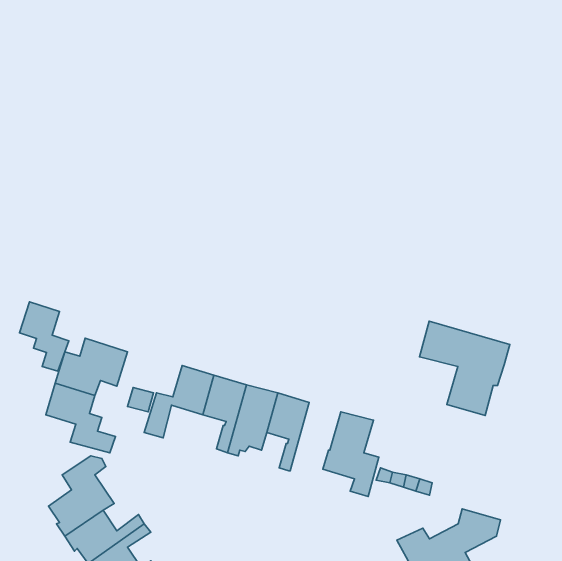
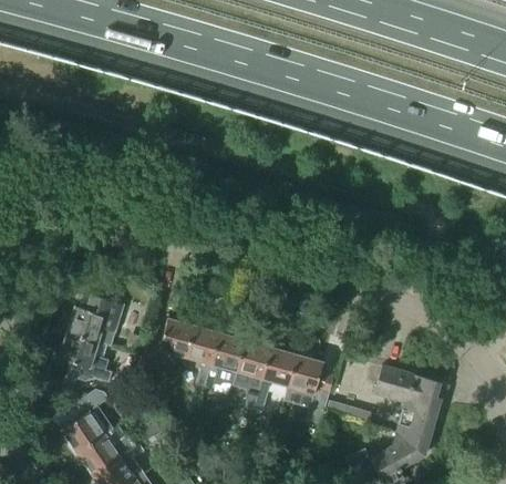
building: [20,302,69,371] -> none
building: [420,321,510,415] -> [375,364,448,441]
building: none -> [255,346,299,411]

